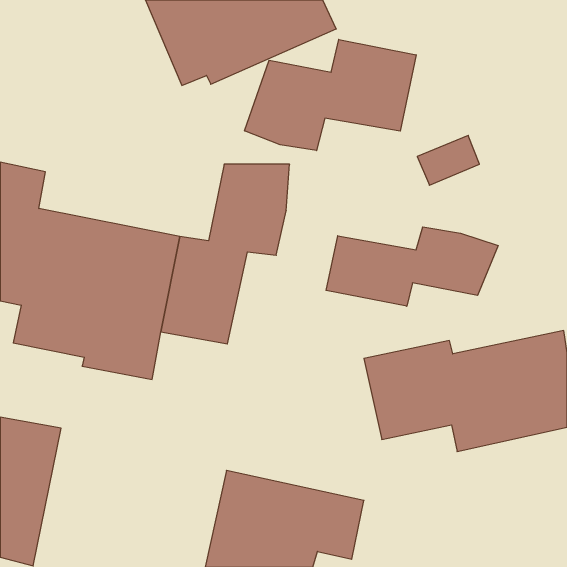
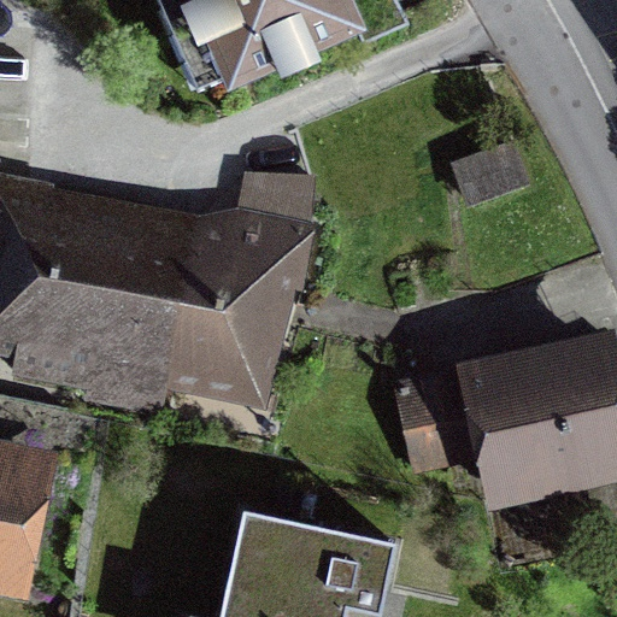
building: [245,39,416,151] -> none
building: [326,227,498,306] -> none

